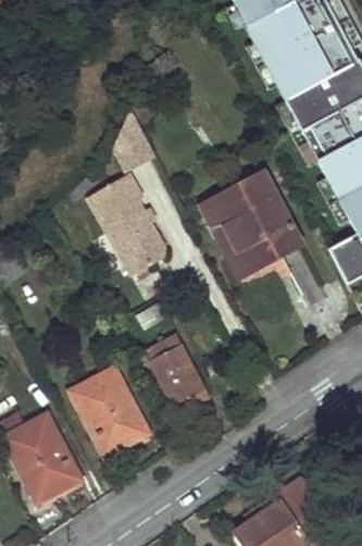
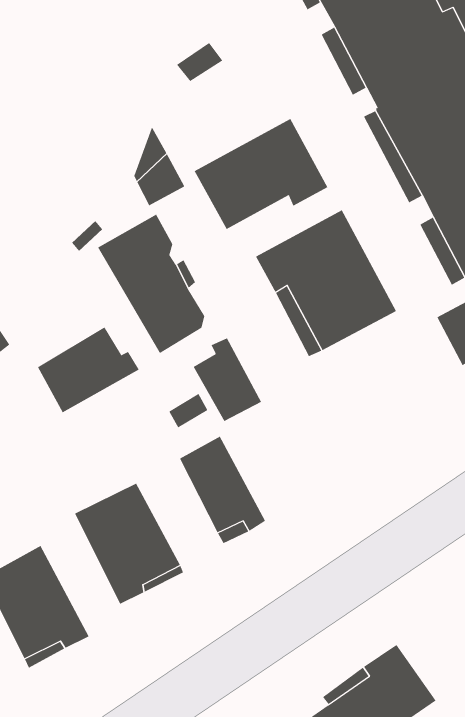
building: none -> [194,118,328,230]
building: none -> [37,327,140,413]
building: none -> [193,338,262,422]

